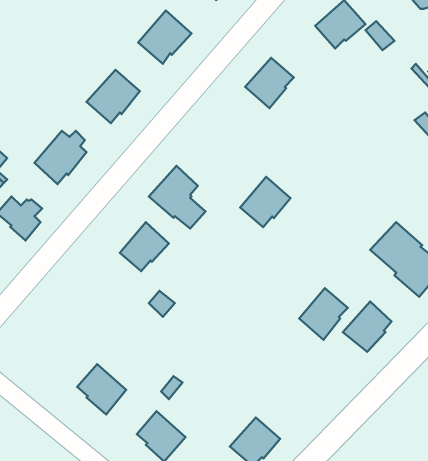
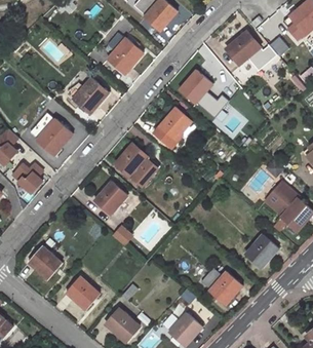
building: [240,177,291,227] -> [158,107,192,141]
building: [299,288,348,340] -> [208,270,241,305]
building: none -> [29,245,62,279]

